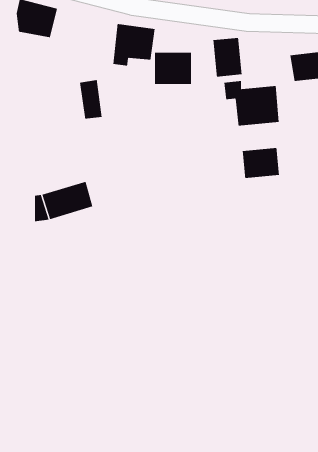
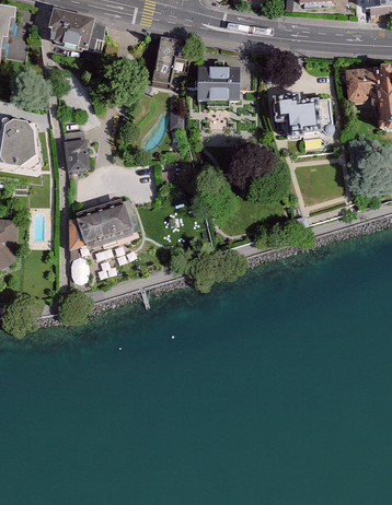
building: [213,37,242,77] -> none
building: [79,79,103,119] -> [64,129,89,172]
building: [242,147,279,179] -> none

